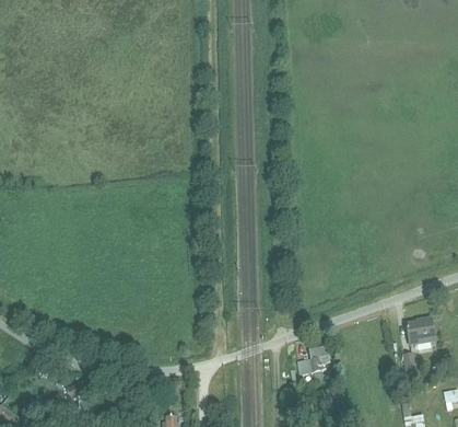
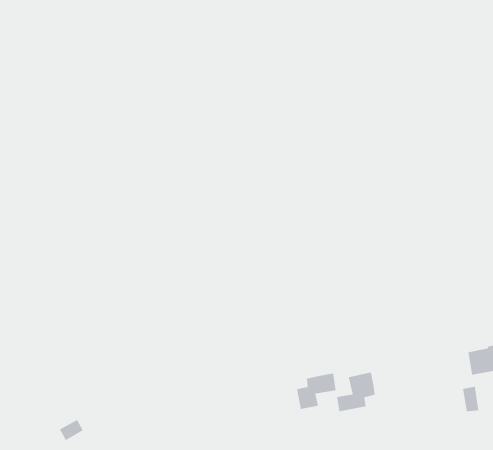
building: none -> [296,372,336,410]

